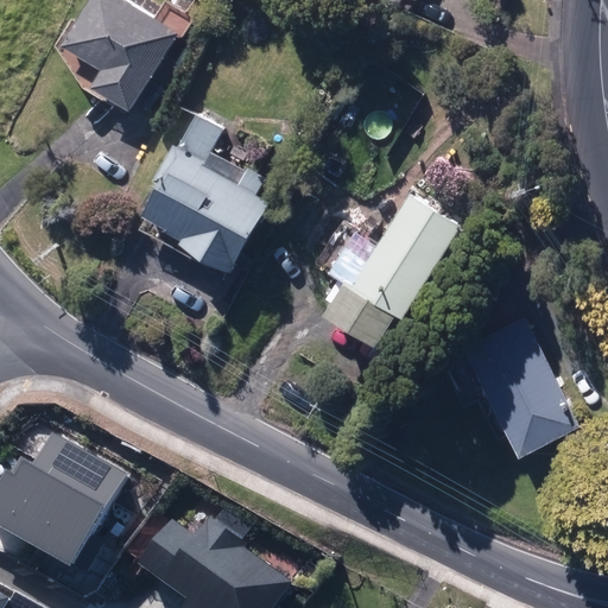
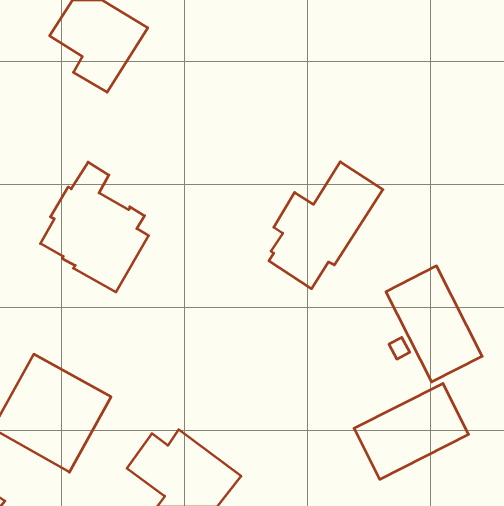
building: [138,116,267,272] -> [40,162,149,292]
building: none -> [354,383,469,479]

